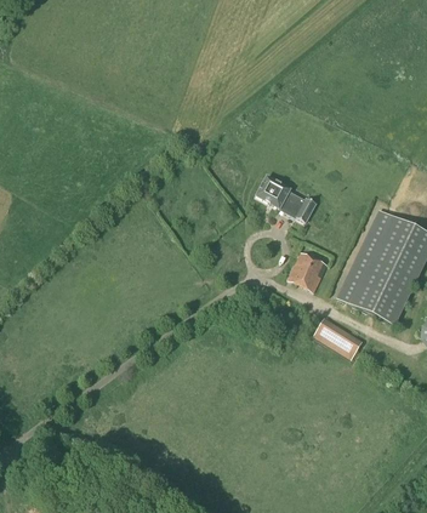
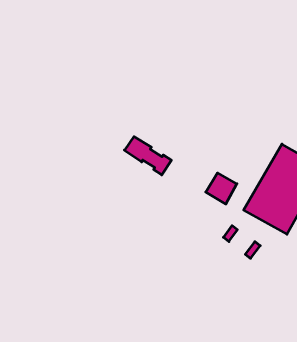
building: [256,176,317,222] -> [124,137,171,175]

